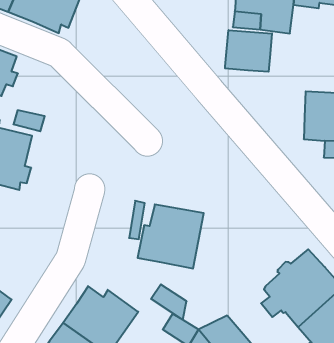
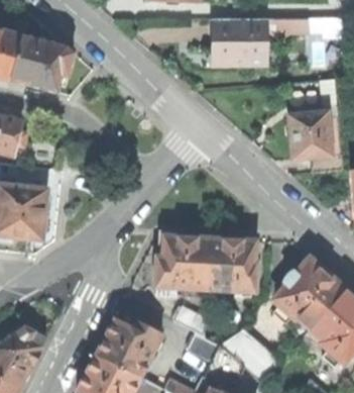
building: [225,30,272,72] -> none
building: none -> [208,237,258,292]

